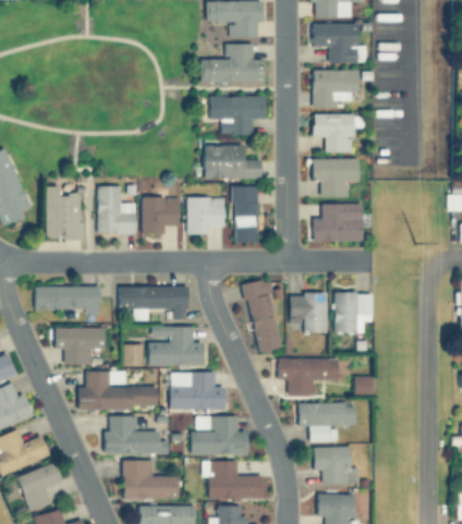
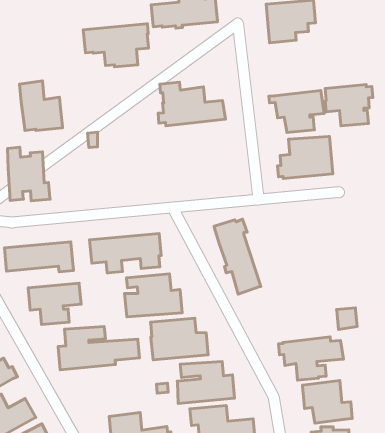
building: [203,97,266,136] -> [83,24,149,67]
building: [313,115,360,154] -> [325,85,373,126]
building: [97,187,135,235] -> [19,81,62,130]
building: [231,187,265,244] -> none
building: [143,198,180,235] -> none
building: [187,198,224,236] -> none
building: [335,291,373,332] -> none
building: [290,292,327,331] -> none
building: [123,343,143,365] -> none
building: [272,357,338,395] -> none
building: [105,415,168,453] -> none

